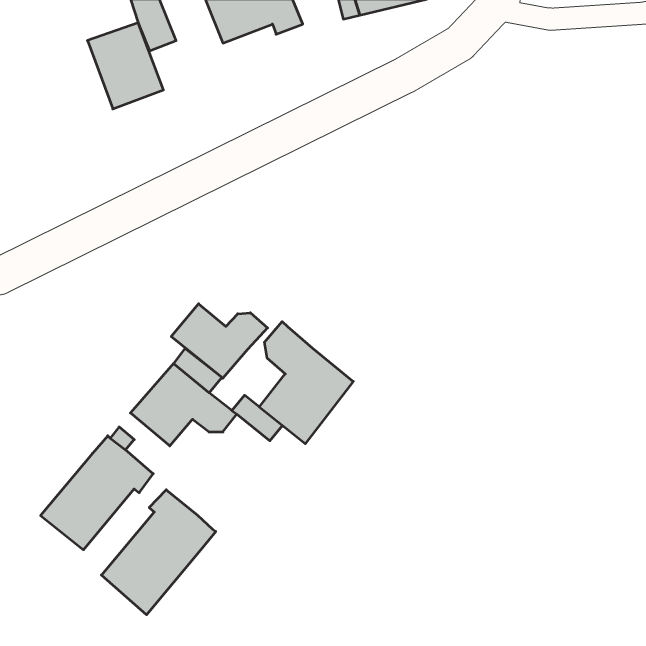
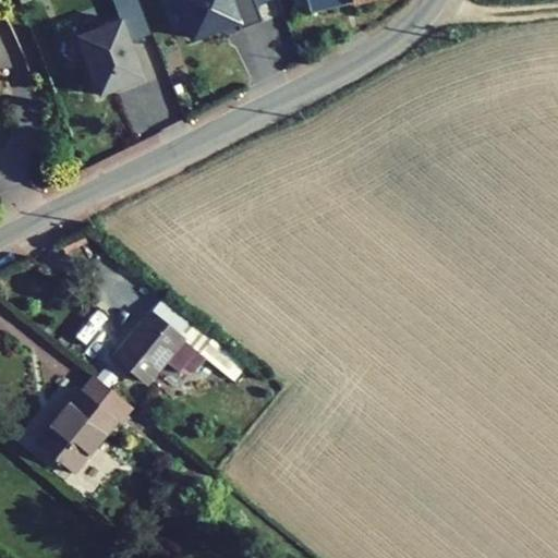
building: [171,304,268,378] -> none
building: [259,322,353,444] -> none
building: [101,490,216,615] -> none

